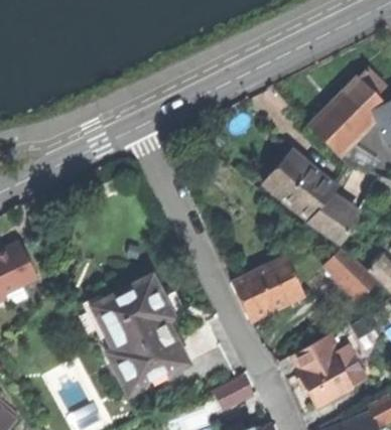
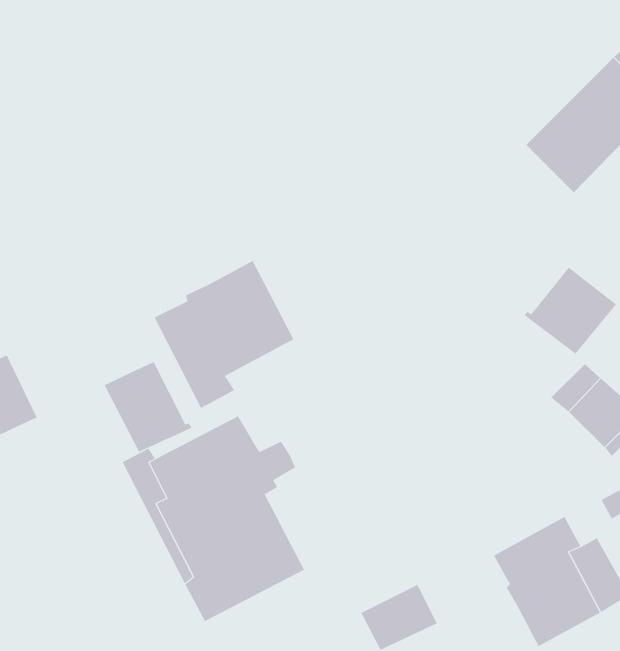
building: [264,153,336,220] -> none
building: none -> [154,260,294,409]
building: none -> [104,361,192,452]
building: [231,257,302,319] -> none

